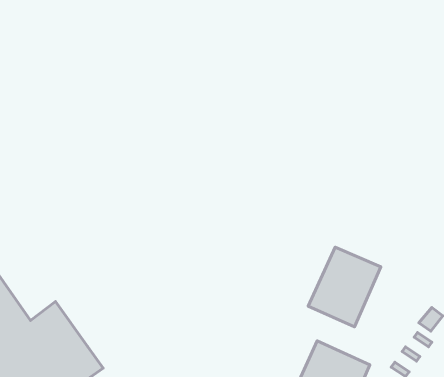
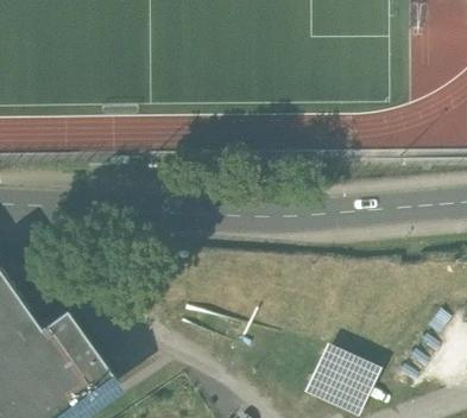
building: [308,247,381,327] -> none

